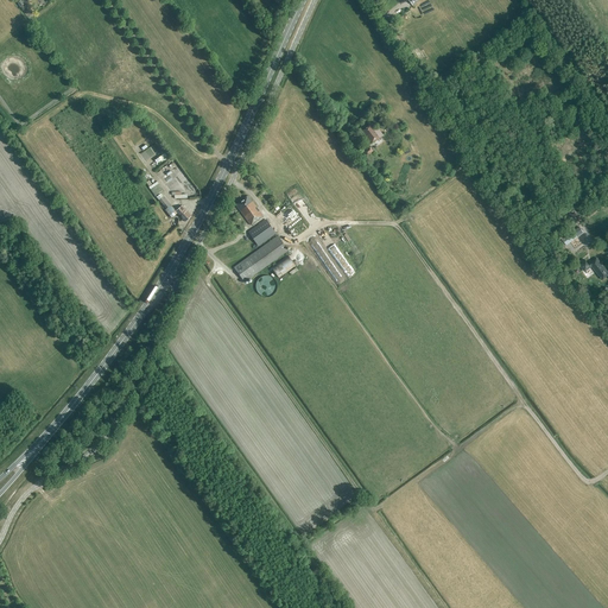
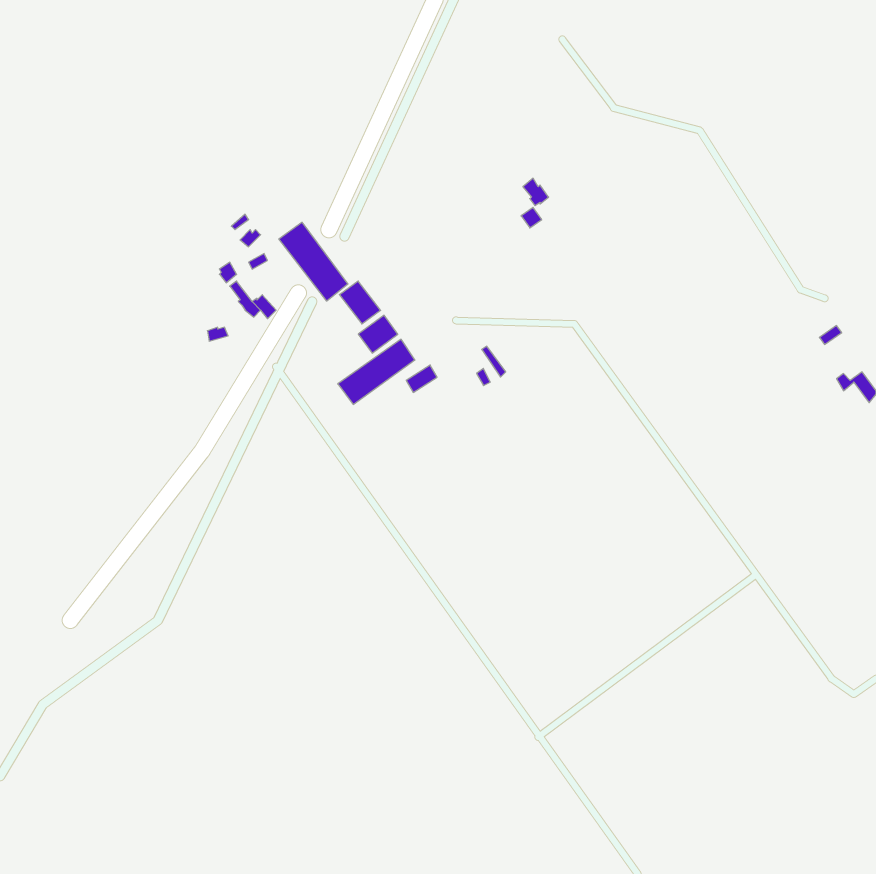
building: none -> [279,222,348,301]

